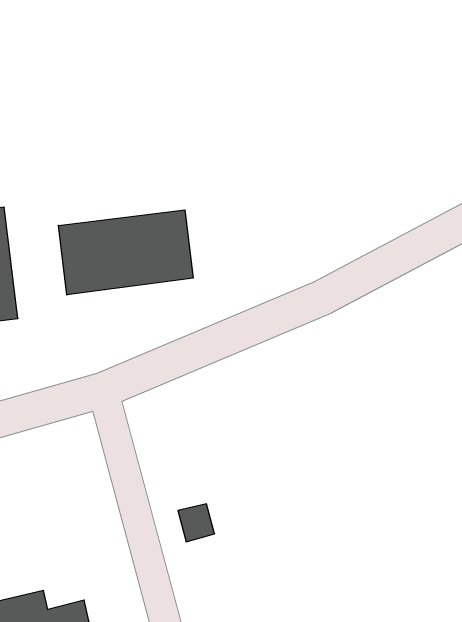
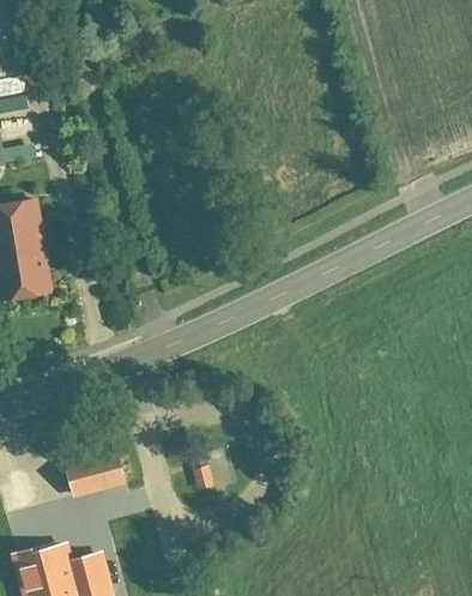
building: [58,210,193,295] -> none
building: none -> [66,450,127,498]

